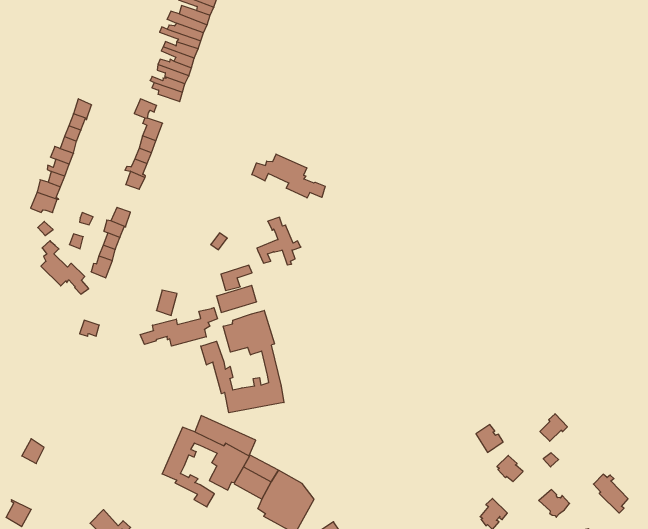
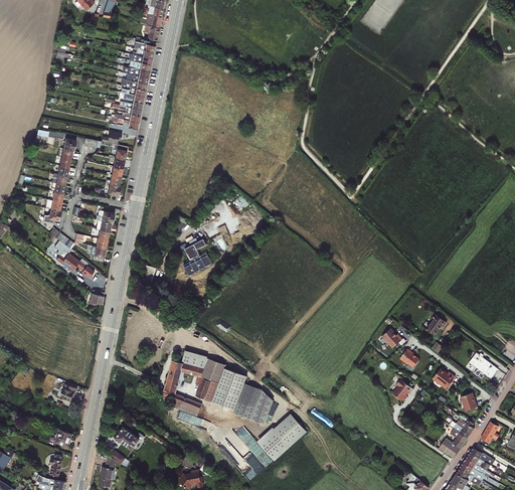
building: [252,154,325,198] -> none
building: [140,308,217,346] -> none
building: [201,310,284,413] -> none

